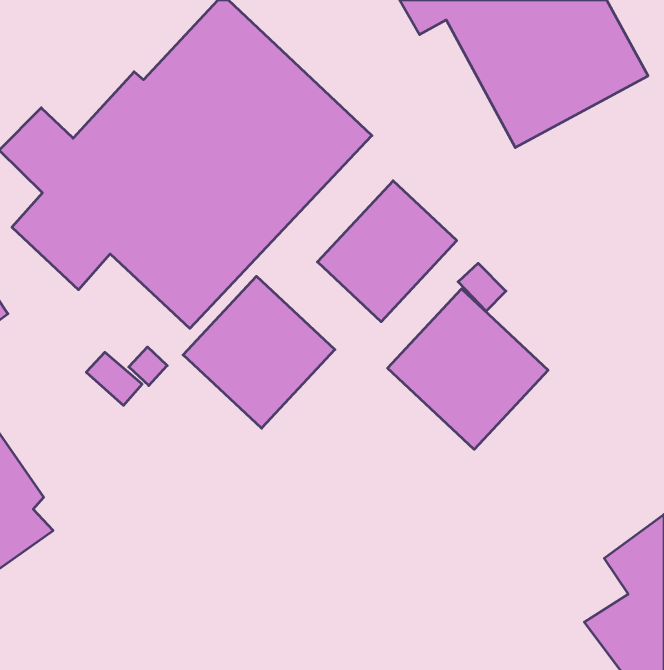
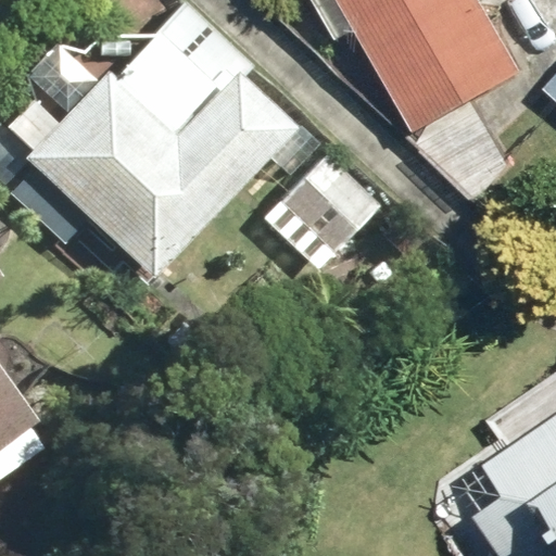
building: [183,276,335,428] -> none
building: [388,289,548,449] -> none

